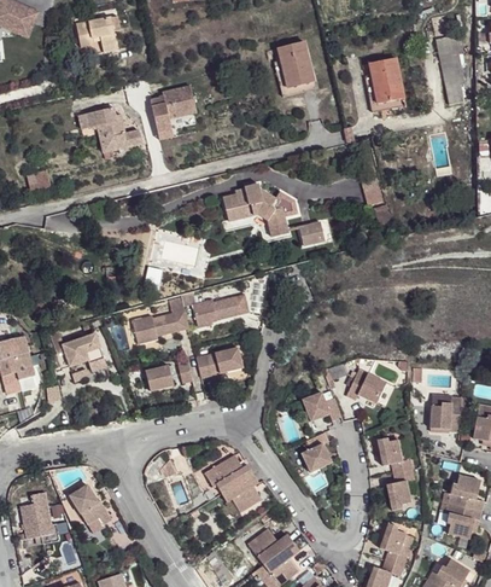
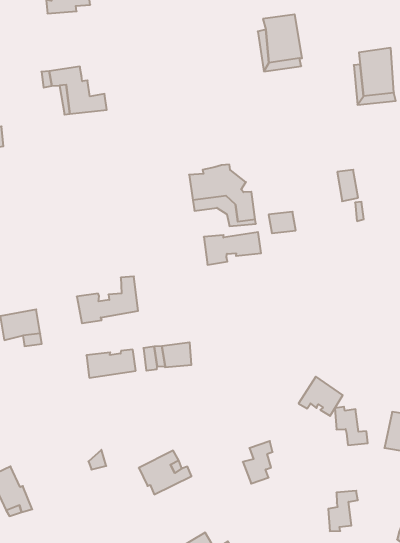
building: [150,85,195,133] -> none
building: [194,291,249,326] -> [204,232,261,265]
building: [300,393,340,420] -> none
building: [374,440,408,475] -> [335,407,368,445]
building: [222,473,265,515] -> none

